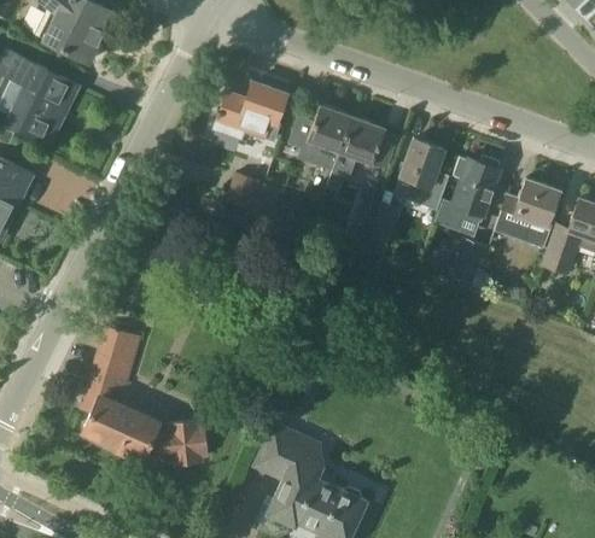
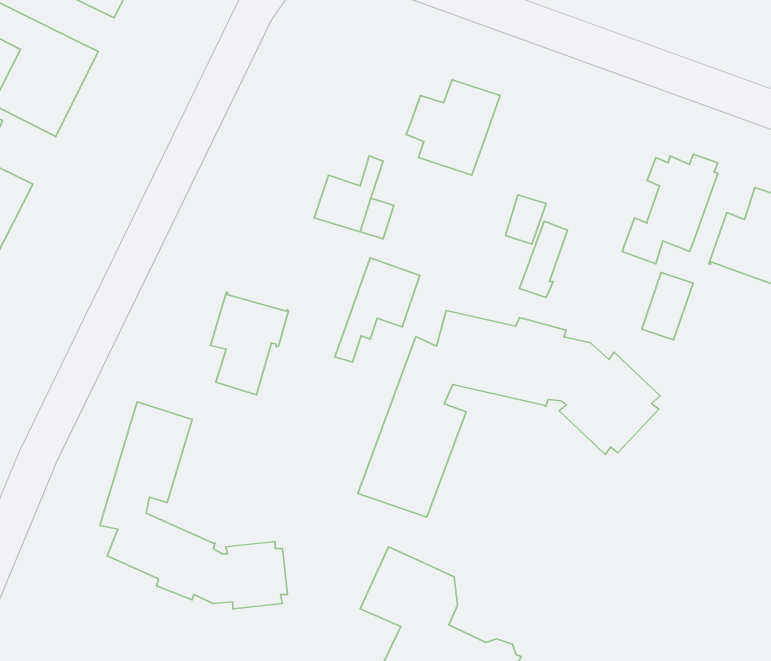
building: [214,81,286,140] -> none
building: [327,116,385,187] -> [335,258,420,362]
building: [393,139,449,210] -> none
building: none -> [210,292,288,395]
building: none -> [358,311,660,517]

